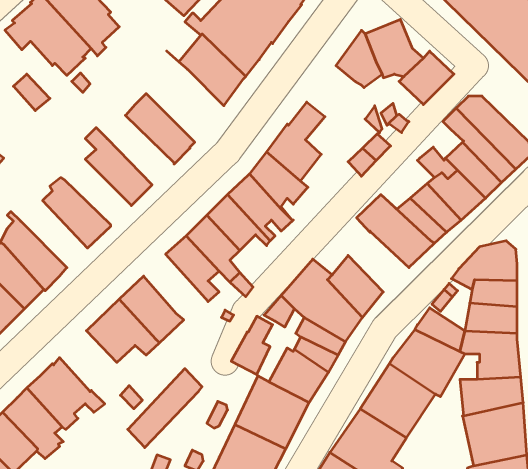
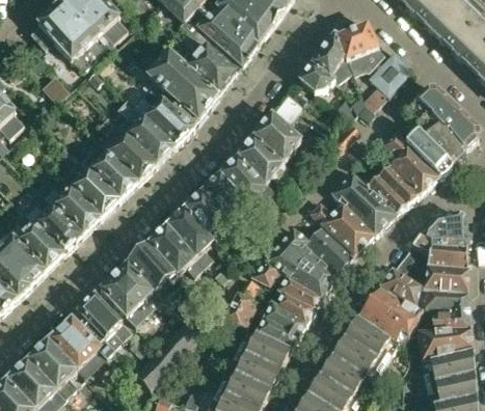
building: none -> [125,50,216,128]
building: none -> [298,62,333,92]
building: none -> [116,98,173,164]
building: none -> [79,134,137,198]
building: none -> [43,168,100,235]
building: none -> [308,202,374,255]
building: none -> [147,223,203,274]
building: none -> [76,293,130,340]

